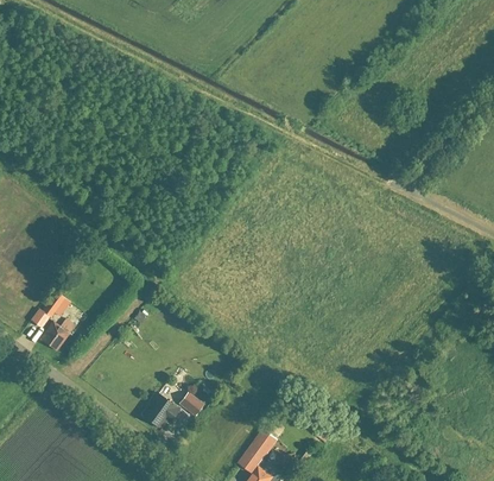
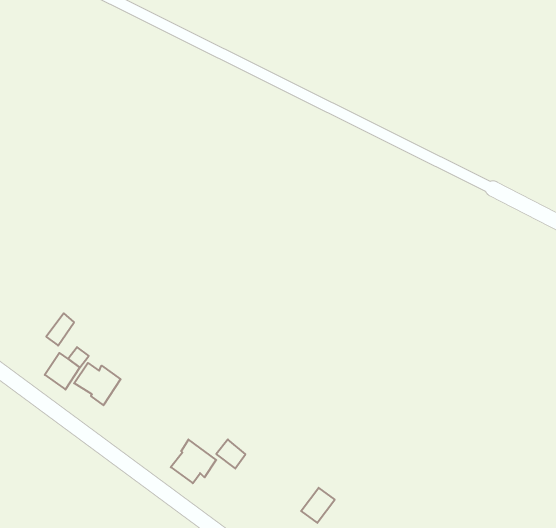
building: none -> [74,363,121,405]

